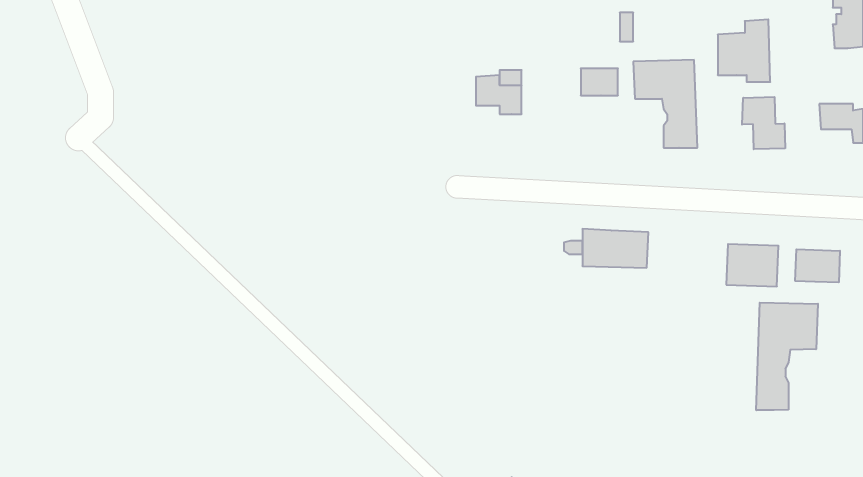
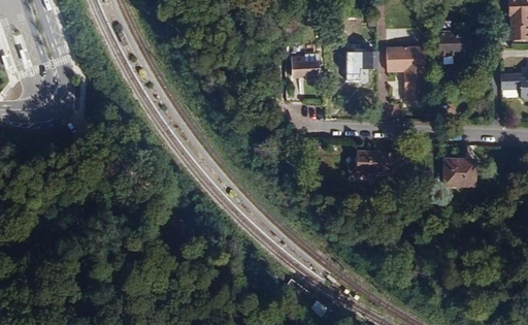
building: [742,97,785,149] -> none
building: [795,249,840,282] -> none
building: [756,303,818,410] -> none

